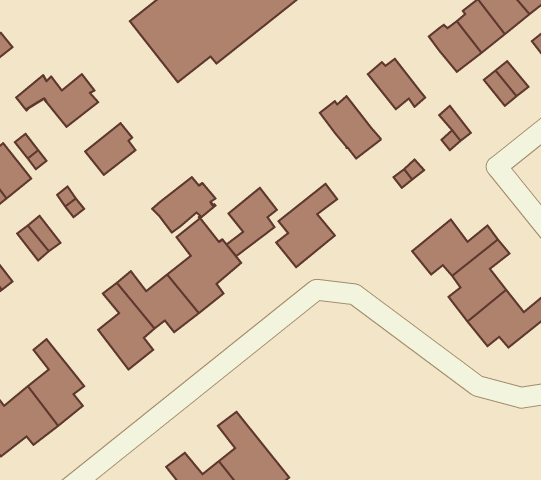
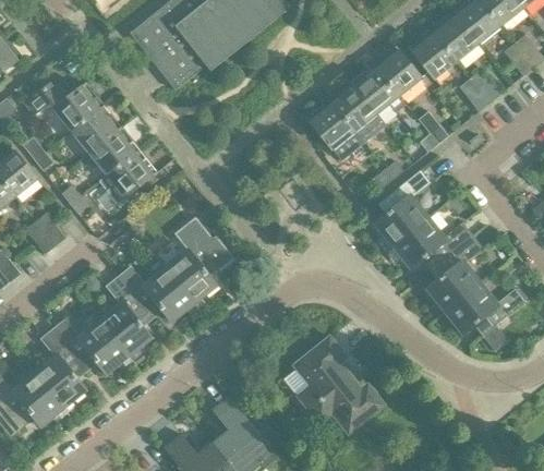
building: none -> [376,46,422,97]
building: none -> [331,82,385,142]
building: none -> [71,108,121,154]
building: [152,177,215,232] -> [98,153,157,204]
building: [276,184,337,267] -> [374,169,431,246]
building: [226,188,277,256] -> none
building: none -> [52,317,129,374]
building: none -> [283,336,384,433]

